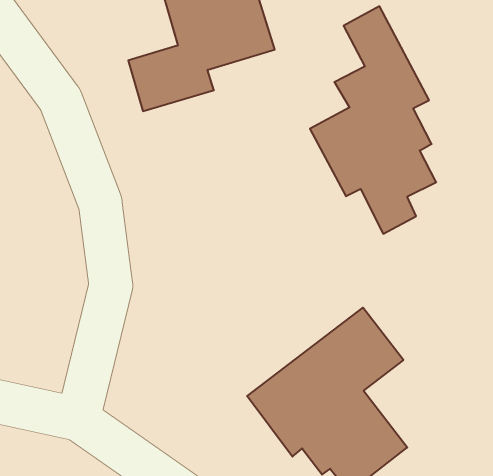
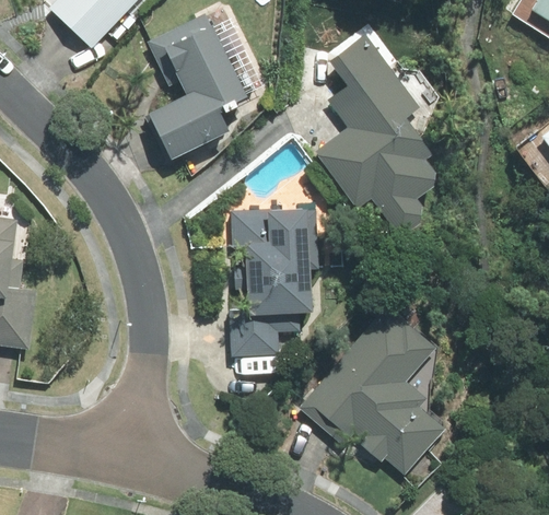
building: none -> [229,210,306,353]

